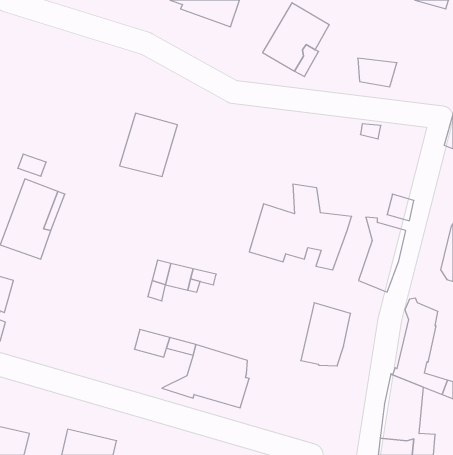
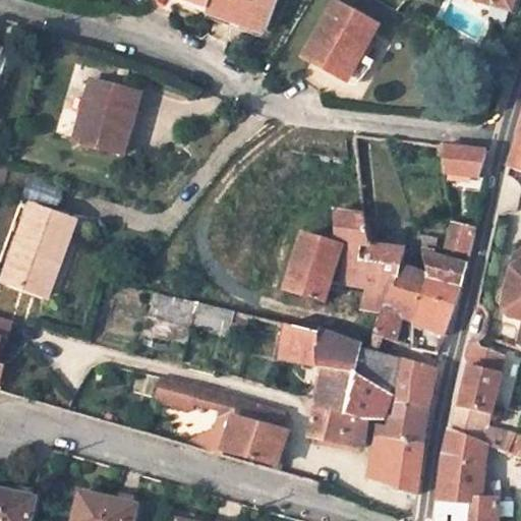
building: [358,58,397,87] -> [440,143,484,176]
building: [120,113,177,176] -> [72,80,138,153]
building: none -> [371,264,425,341]
building: none -> [276,323,364,447]
building: none -> [365,359,437,493]

